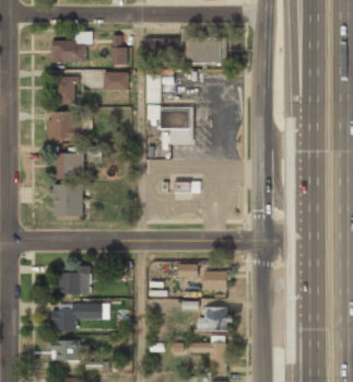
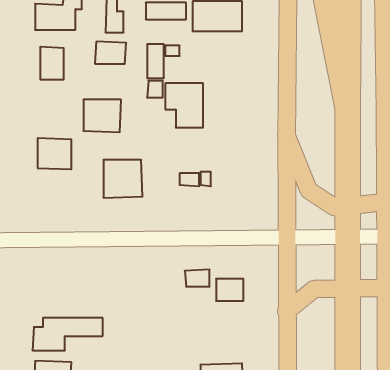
building: [48,112,80,139] -> [83,100,121,132]
building: [50,184,83,216] -> [103,160,143,198]
building: [57,266,90,294] -> none
building: [197,306,228,331] -> none

